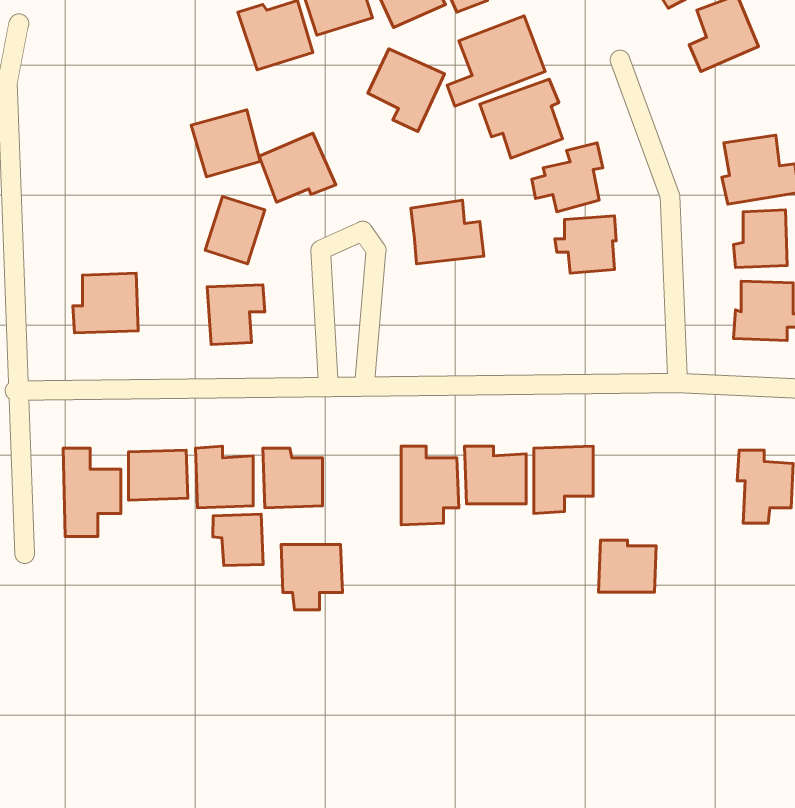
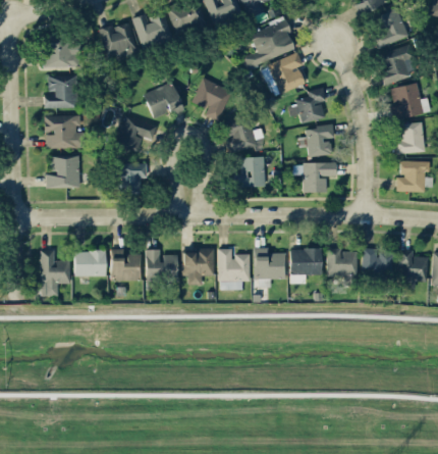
building: none -> [41,35,77,67]
building: [368,49,445,131] -> [191,78,232,121]
building: none -> [376,47,412,85]
building: [191,110,260,177] -> [99,21,135,57]
building: none -> [43,74,73,108]
building: none -> [44,115,80,148]
building: none -> [233,156,265,187]
building: none -> [303,162,336,192]
building: none -> [362,248,392,275]
building: [213,514,263,566] -> none
building: [599,540,656,592] -> [326,248,357,275]
building: [281,544,343,610] -> [181,250,214,285]

